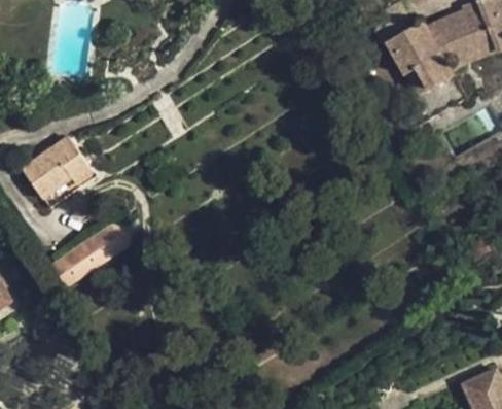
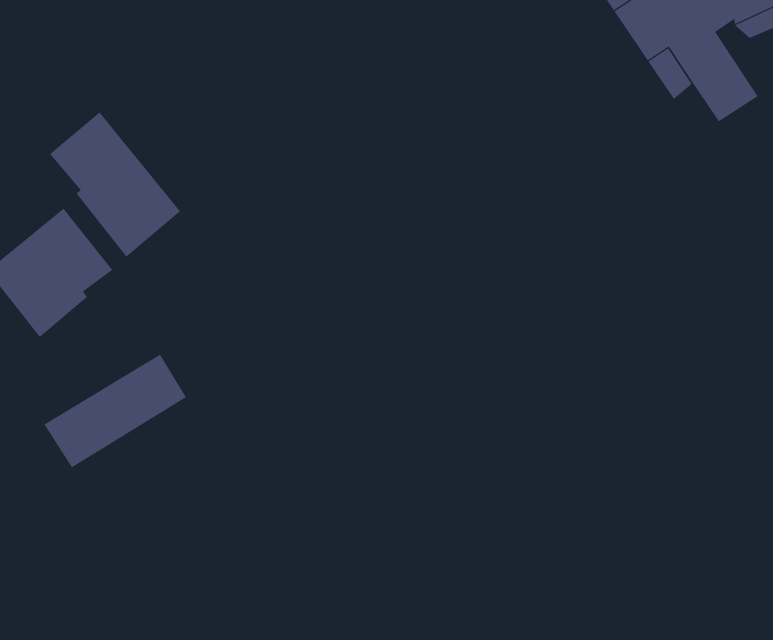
building: none -> [49,112,181,258]

